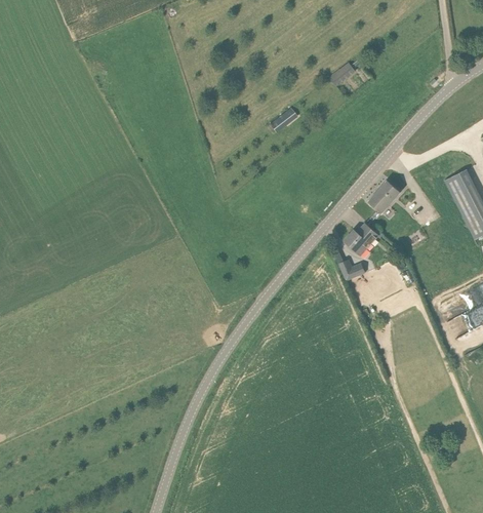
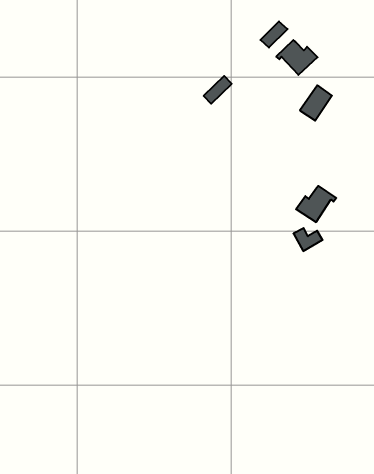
building: none -> [276,40,318,75]
building: [369,179,401,211] -> [300,85,332,121]

